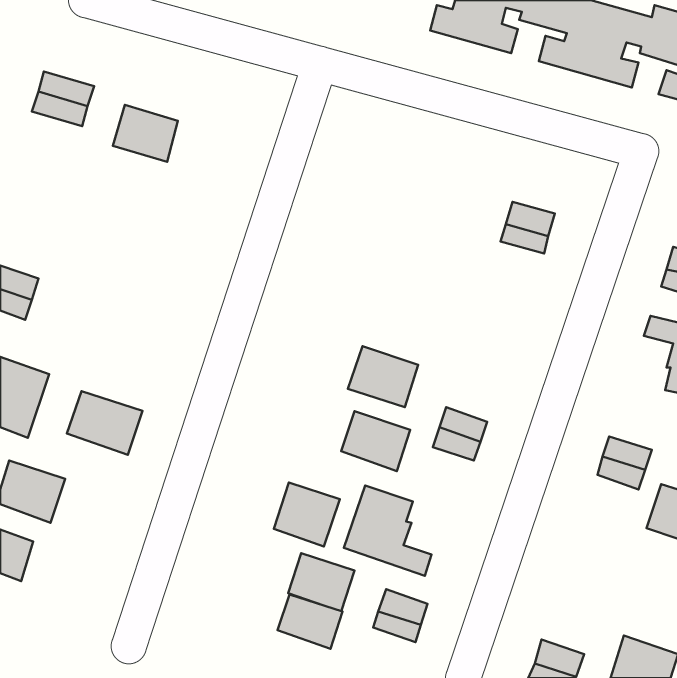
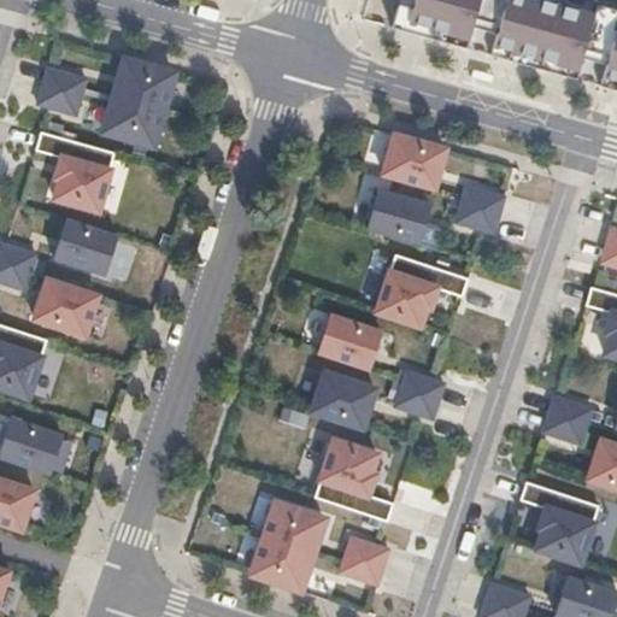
building: none -> [112,57,172,108]
building: none -> [35,131,114,211]
building: none -> [383,133,446,187]
building: none -> [366,189,429,242]
building: none -> [53,219,116,276]
building: none -> [375,254,468,327]
building: [67,391,143,455] -> [28,278,96,336]
building: [274,483,340,546] -> none
building: none -> [519,482,599,564]

